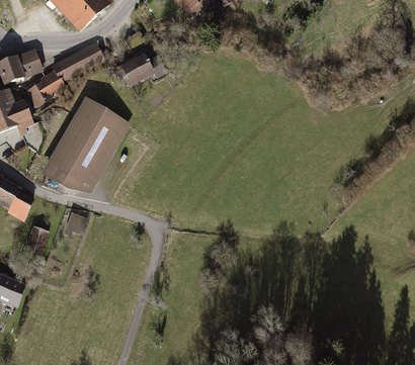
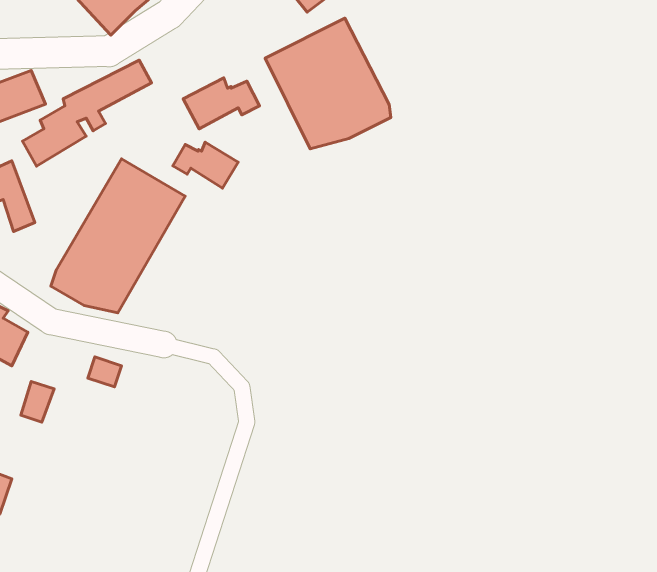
building: none -> [265,18,391,149]
building: none -> [173,142,238,188]

